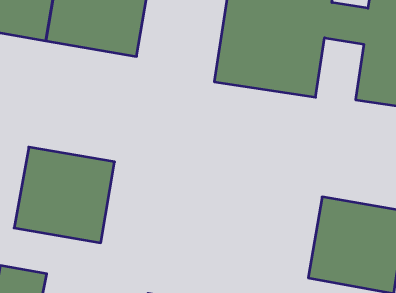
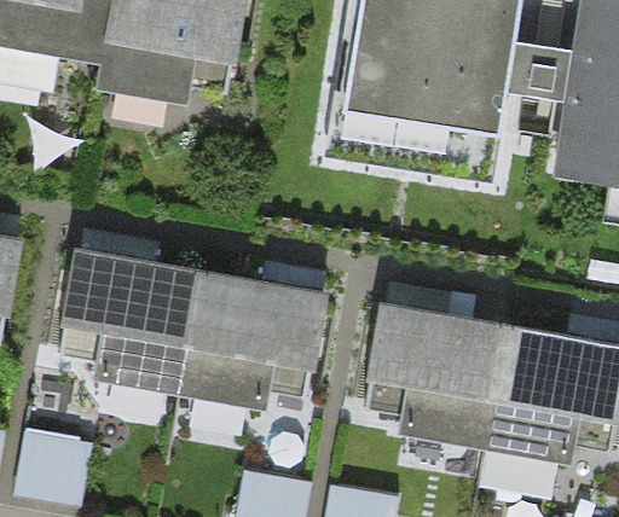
building: none -> [175,272,324,413]
building: none -> [354,302,503,443]

